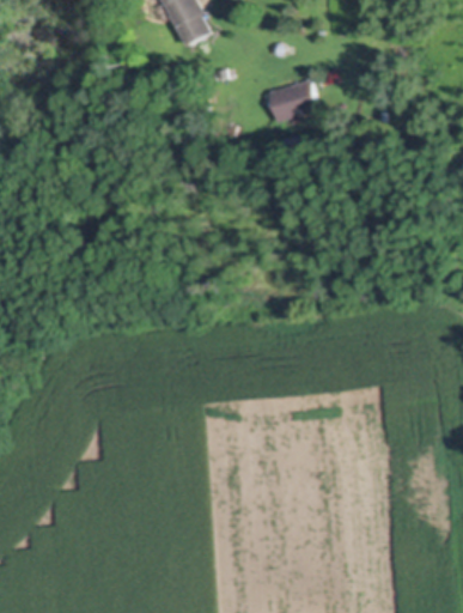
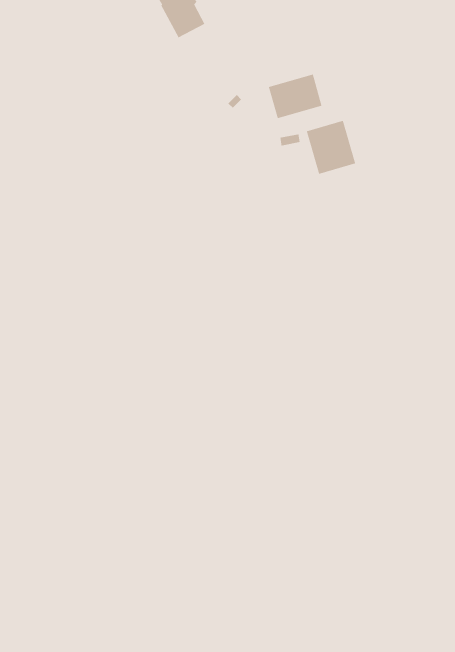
building: none -> [306,120,356,175]

